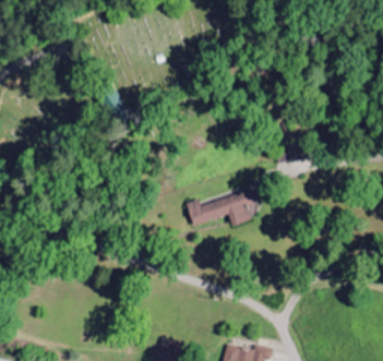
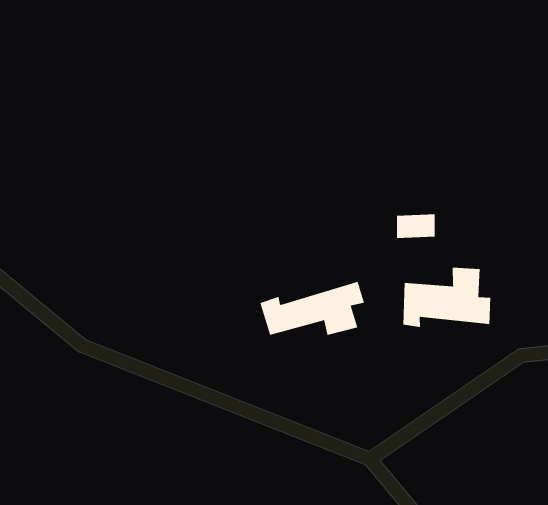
building: none -> [403,267,491,328]

